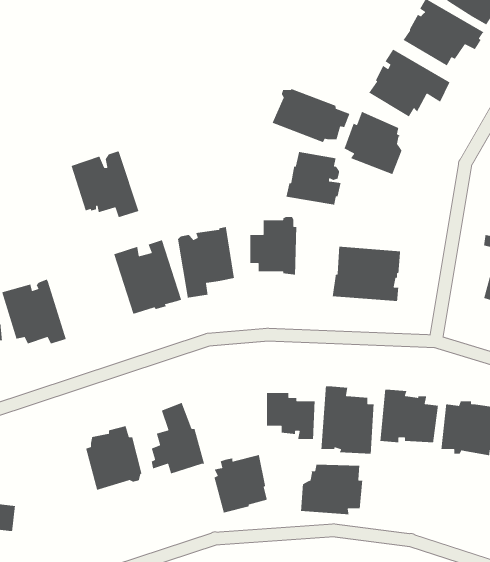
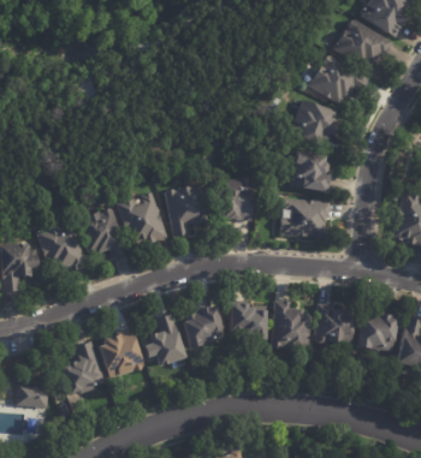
building: [272,88,350,143] -> none
building: [70,151,139,218] -> [79,208,130,257]
building: [285,151,341,205] -> [291,151,332,191]
building: none -> [63,340,105,393]
building: [213,454,268,513] -> [184,305,224,349]
building: [300,464,363,515] -> none

